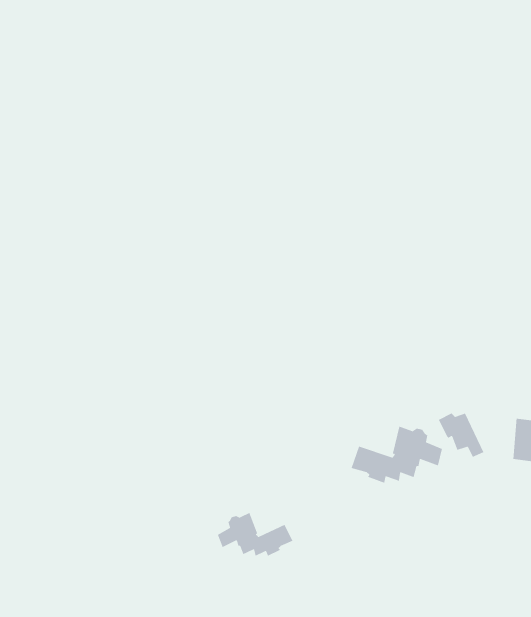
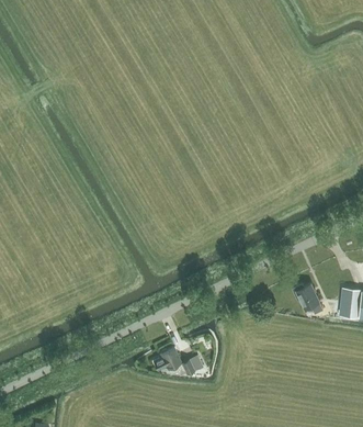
building: [351,426,443,484] -> none

